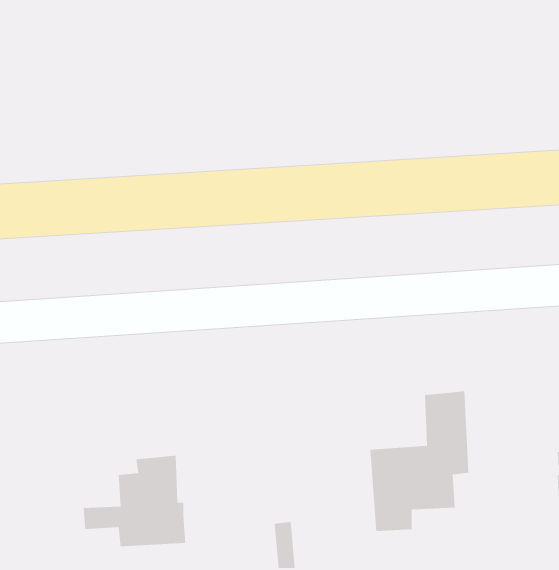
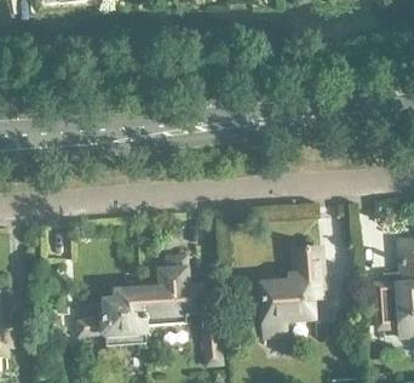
building: none -> [139,257,201,325]

